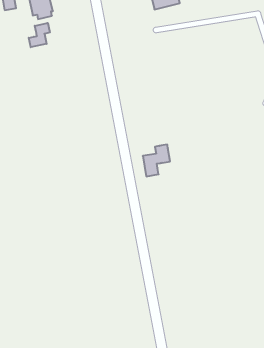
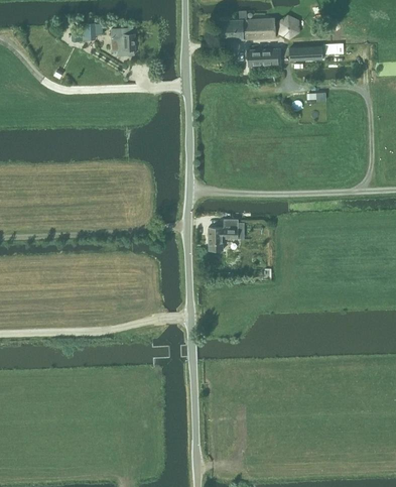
building: [29,23,50,47] -> none

